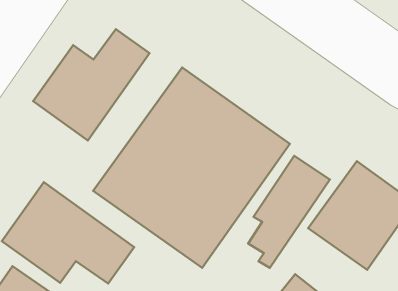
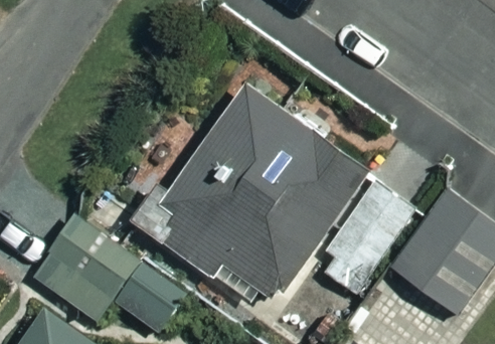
building: [33,29,150,141] -> none

